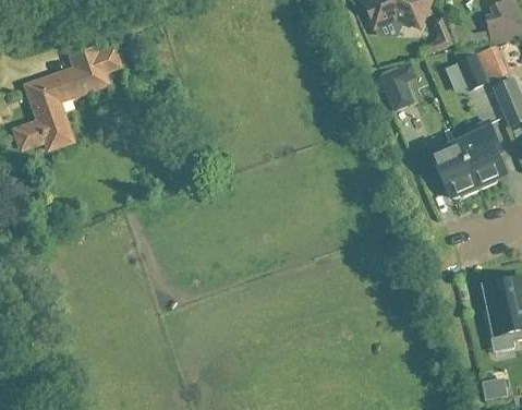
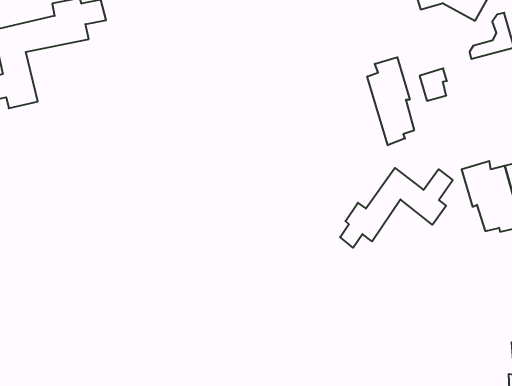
building: none -> [367,57,414,145]
building: none -> [340,168,453,248]

